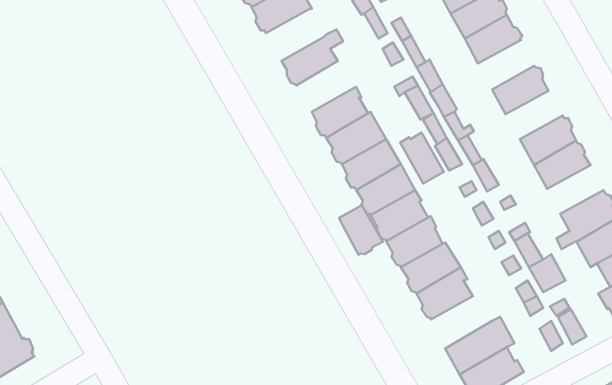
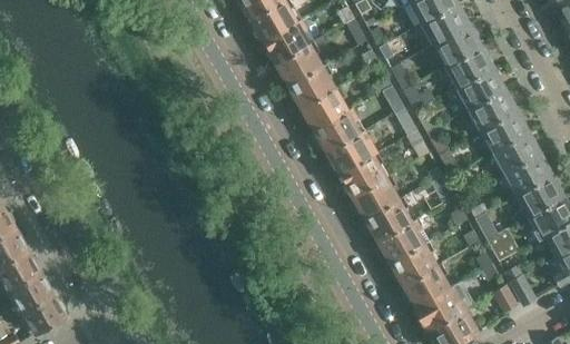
building: none -> [263,20,314,65]
building: none -> [443,47,491,89]
building: none -> [288,63,337,108]
building: none -> [466,90,515,131]
building: [400,133,444,183] -> none
building: none -> [502,154,550,195]
building: [339,205,383,255] -> none
building: none -> [403,264,455,309]

